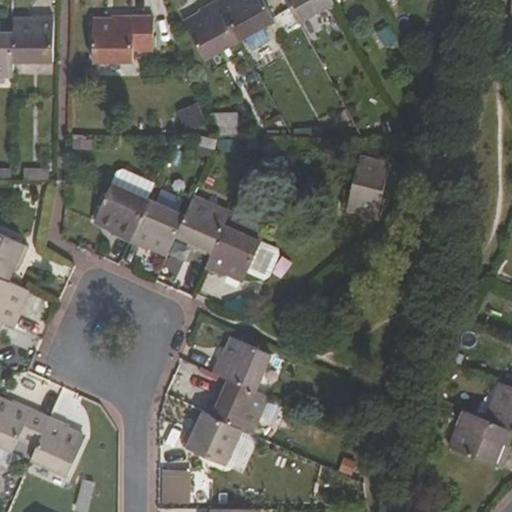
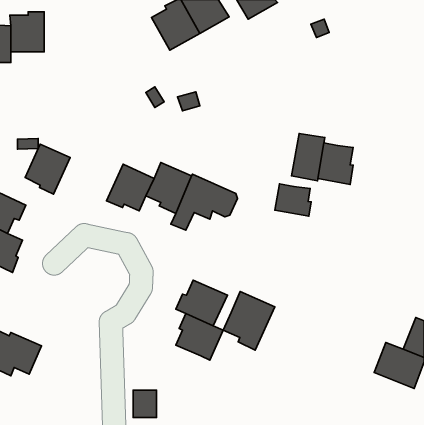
building: [92,14,153,62] -> none
building: none -> [318,143,353,185]
building: [94,181,148,241] -> [25,144,70,194]
building: none -> [275,184,311,216]
building: none -> [223,291,275,350]
building: [181,410,241,464] -> none
building: [30,415,86,475] -> none

